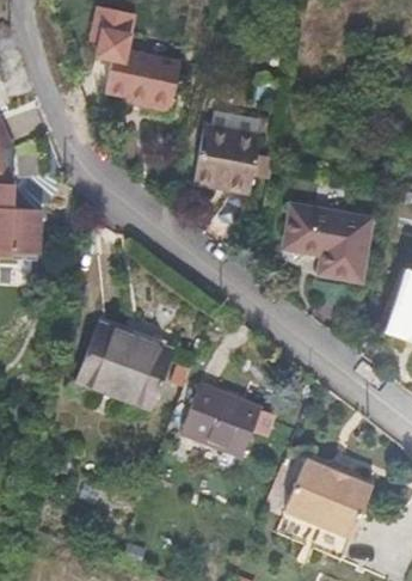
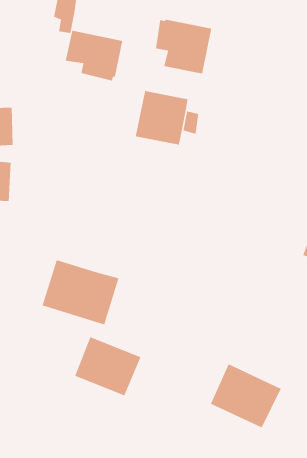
building: none -> [155,19,212,74]
building: [282,202,370,281] -> none
building: [179,383,262,457] -> [74,336,141,397]

